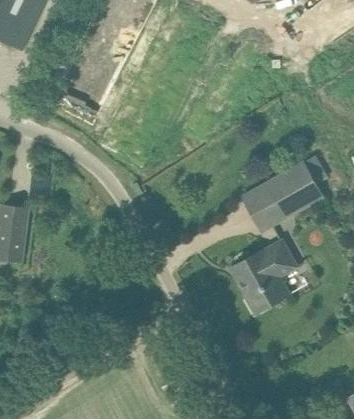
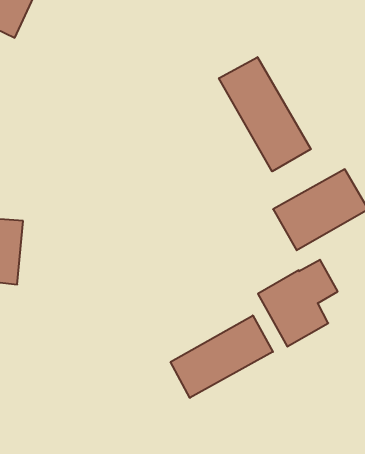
building: none -> [219,57,311,171]
building: none -> [171,315,273,398]

